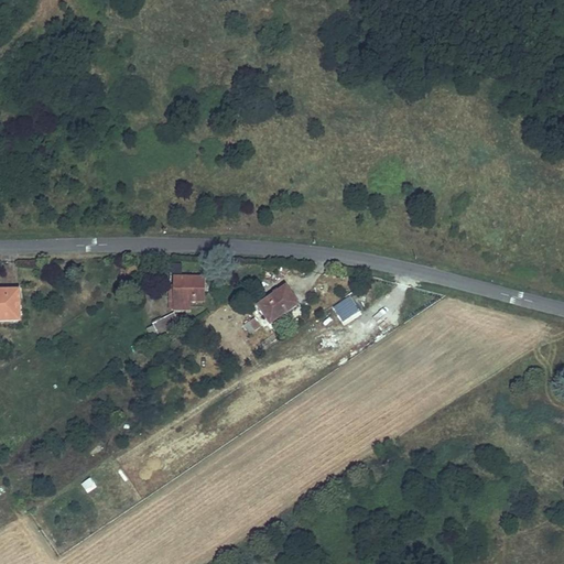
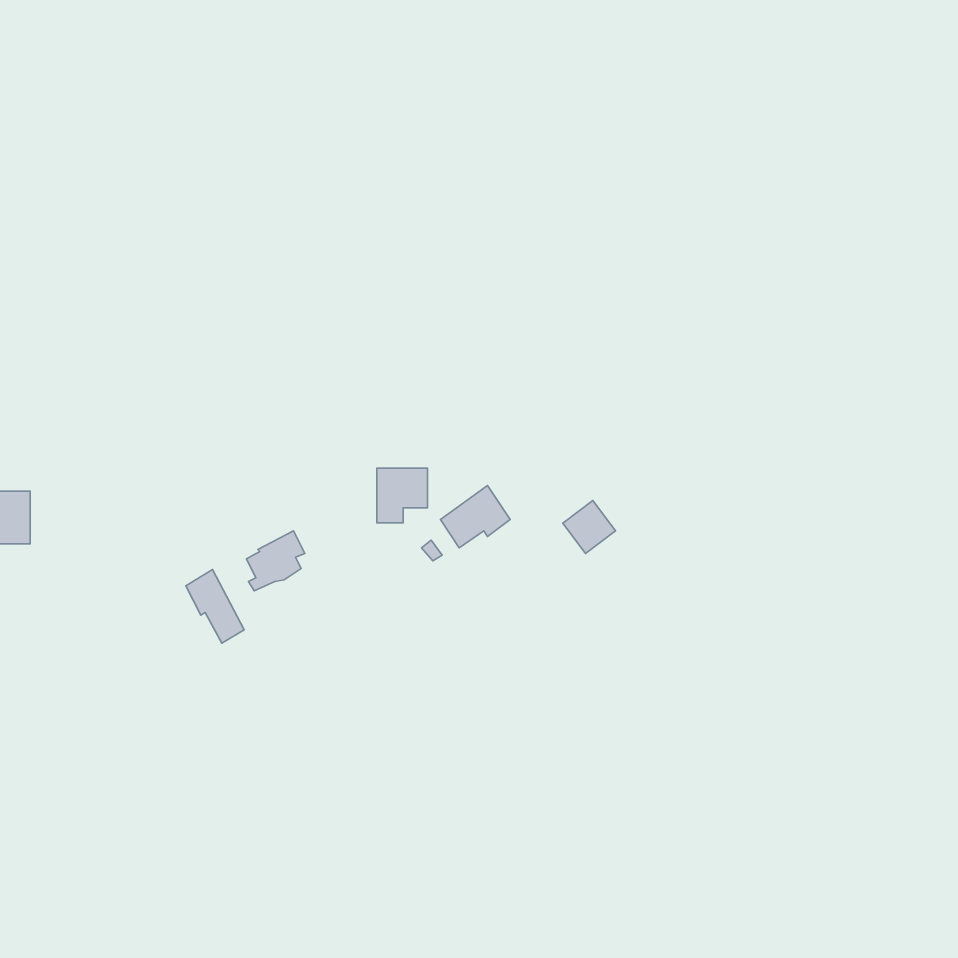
building: [173,275,203,307] -> [377,468,428,523]
building: none -> [186,570,244,643]

